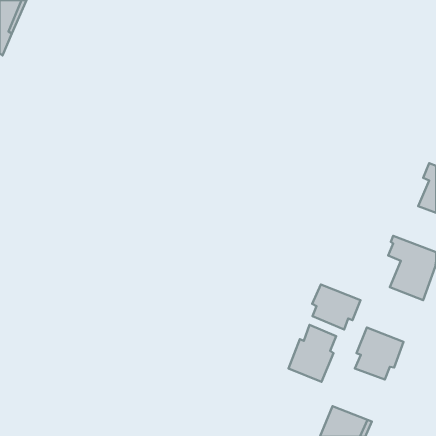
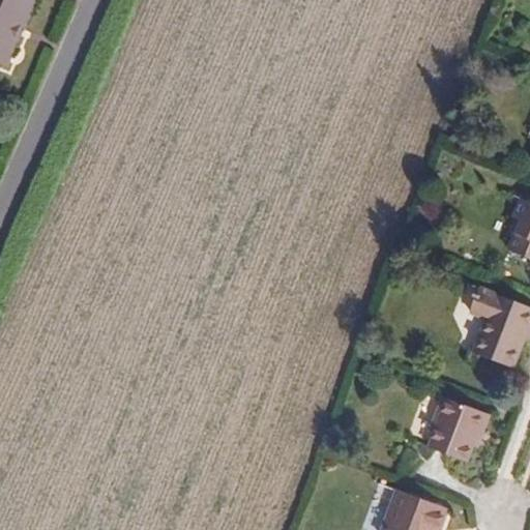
building: [312,284,360,329] -> none
building: [288,325,336,382] -> none

